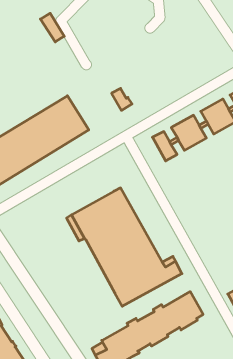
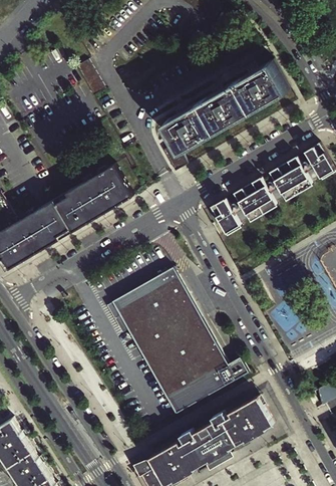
building: none -> [164,62,289,153]

